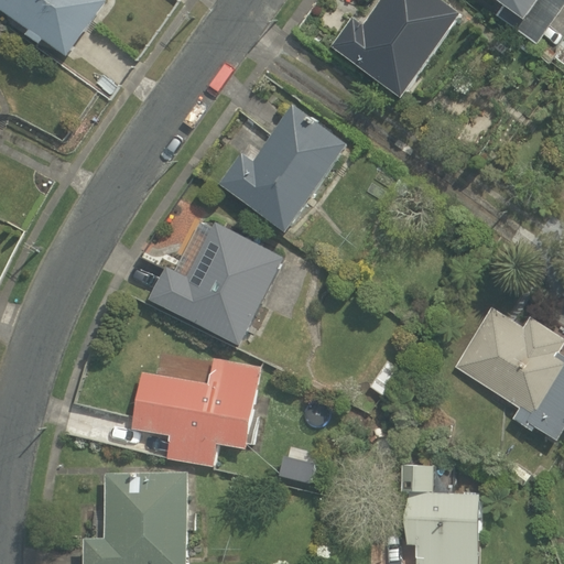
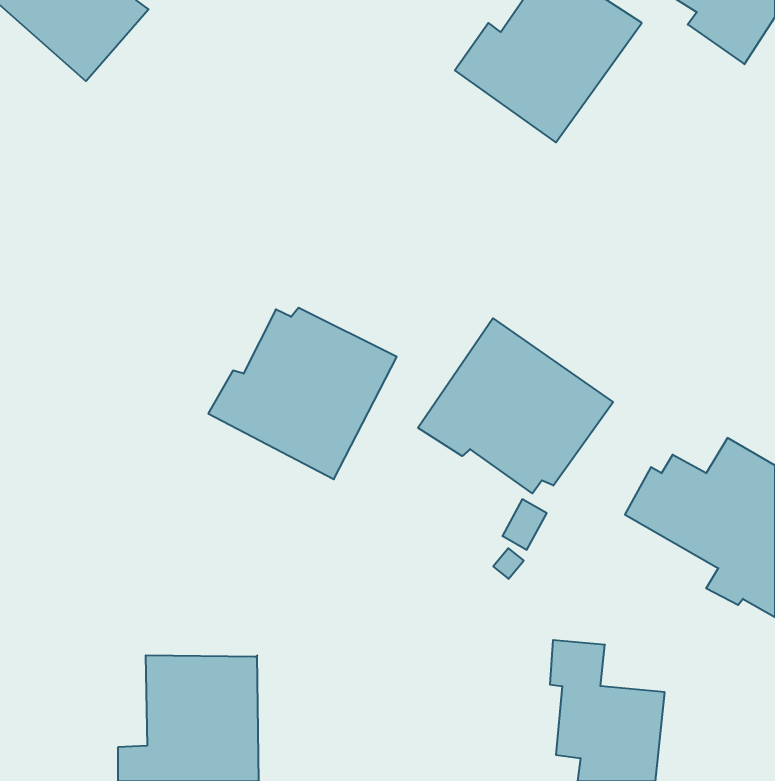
building: [218,105,348,231] -> none
building: none -> [418,318,613,493]
building: [131,357,261,466] -> none

